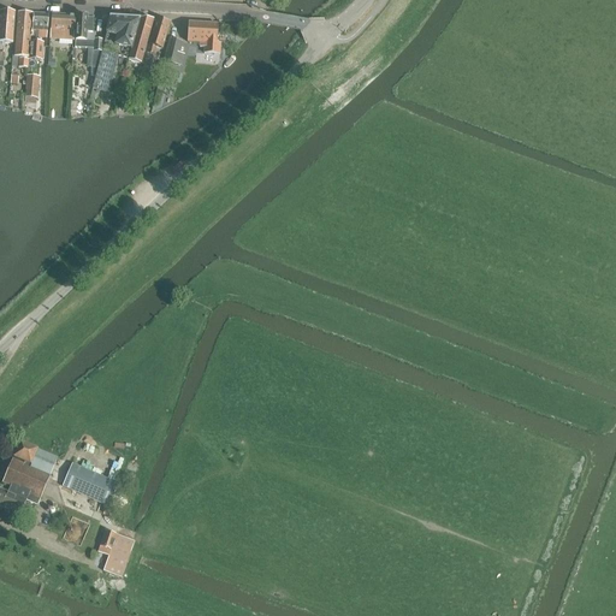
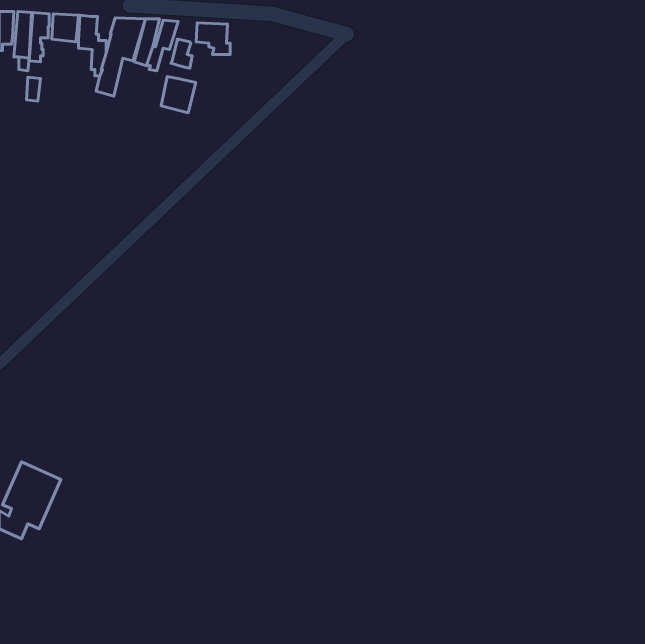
building: none -> [161,77,196,113]
building: [61,462,117,504] -> none
building: [96,529,134,576] -> none

